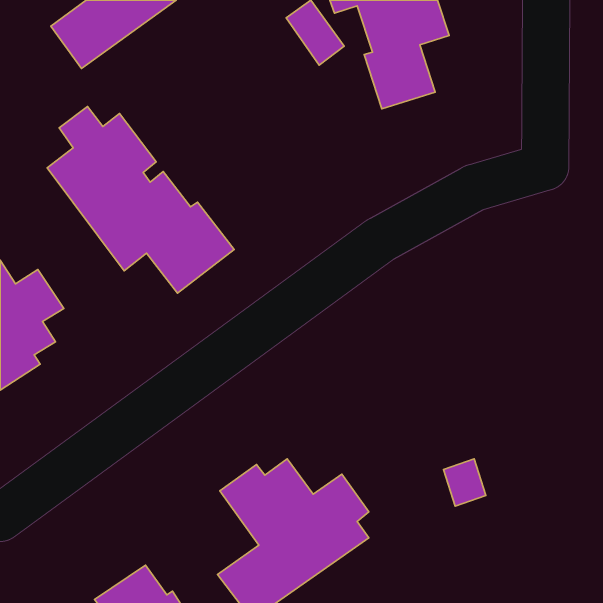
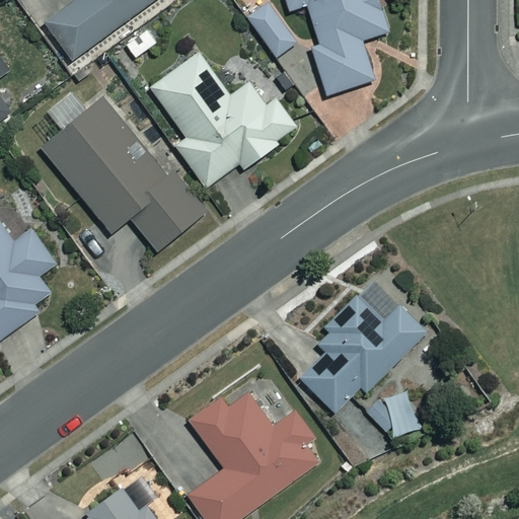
building: none -> [150,55,297,188]
building: none -> [300,279,426,413]

